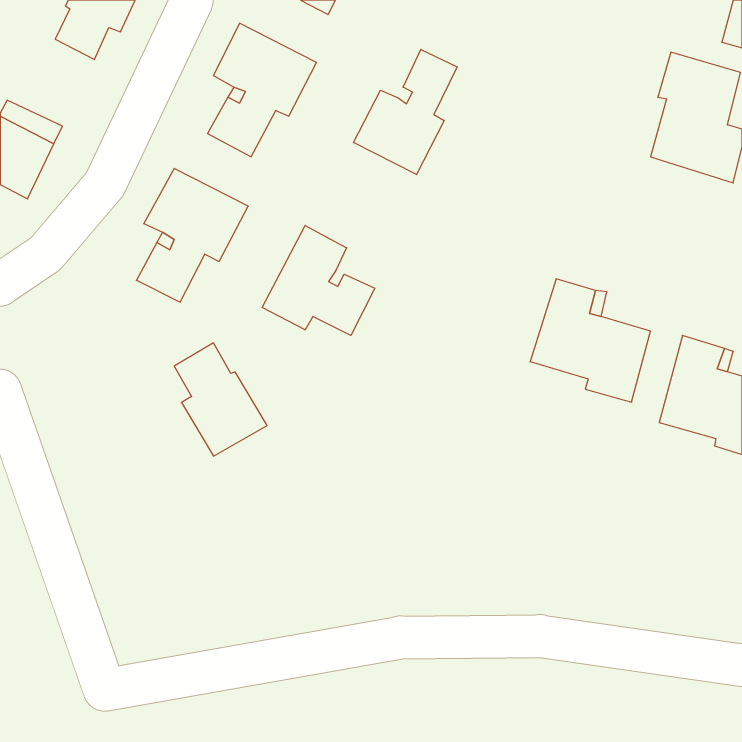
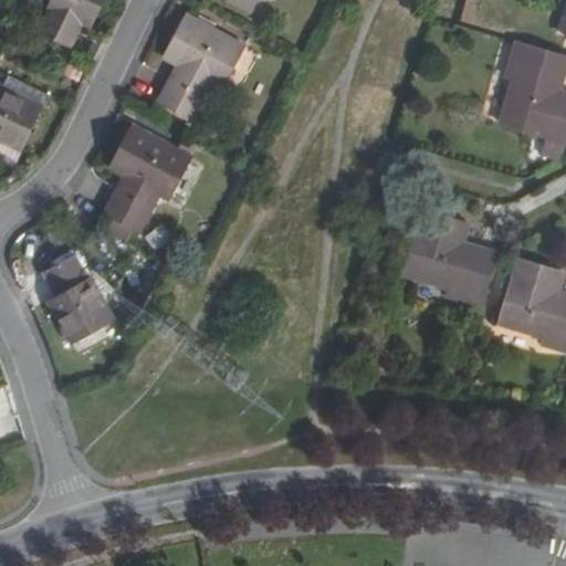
building: [354,49,457,175] -> none
building: [262,225,375,335] -> none
building: [174,343,267,456] -> [43,259,114,345]

